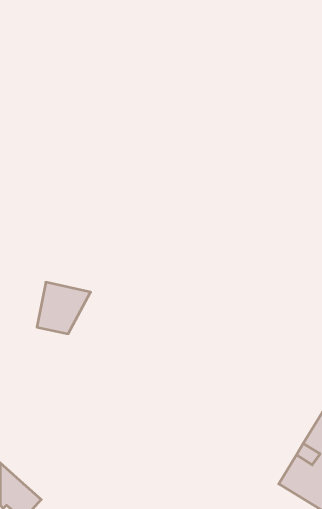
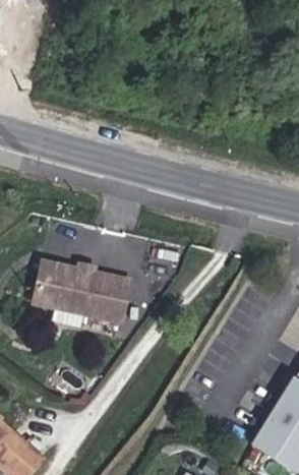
building: none -> [62,269,126,318]

